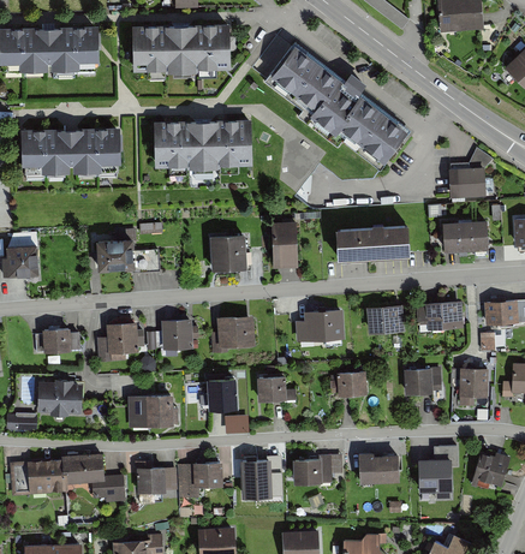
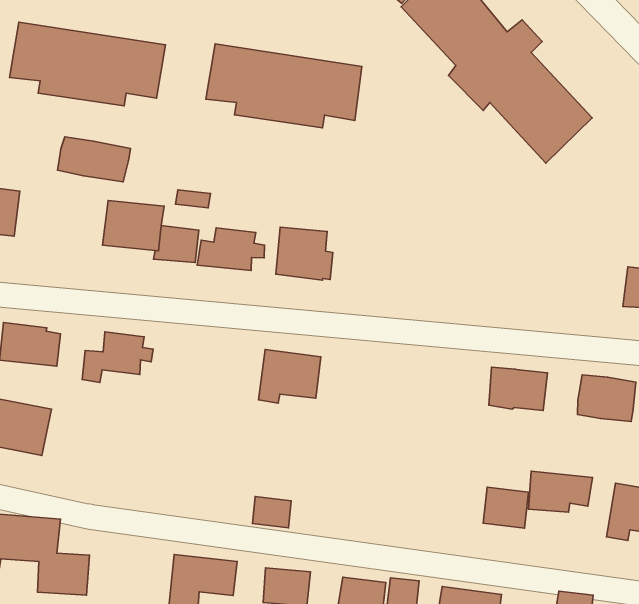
building: none -> [58,137,131,182]
building: [336,221,411,257] -> none
building: [269,222,298,272] -> none
building: [297,308,346,339] -> none
building: [156,321,199,349] -> [197,228,265,270]
building: [339,369,368,394] -> [483,487,529,528]
building: [257,376,286,403] -> none
building: [201,380,239,407] -> none
building: [129,394,174,427] -> none
building: [135,465,178,493] -> none

